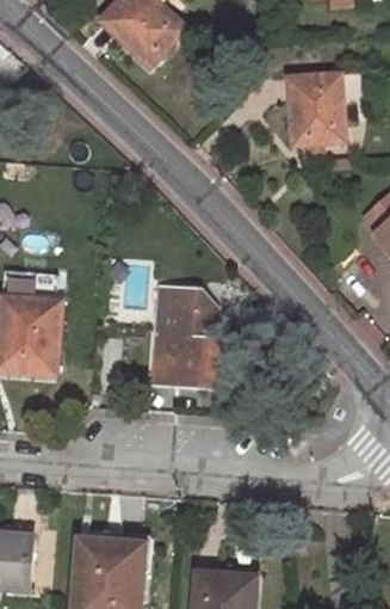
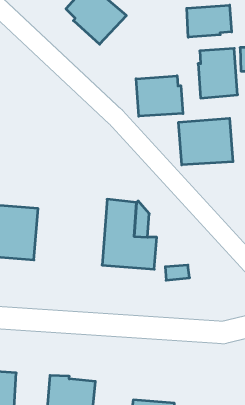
building: none -> [187,5,232,37]
building: none -> [136,76,183,116]
building: none -> [179,118,233,165]

